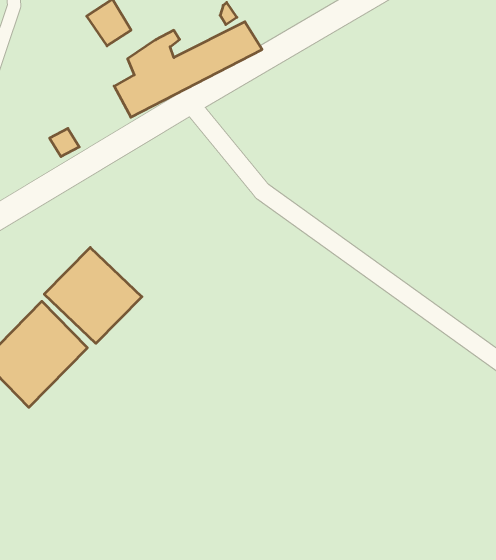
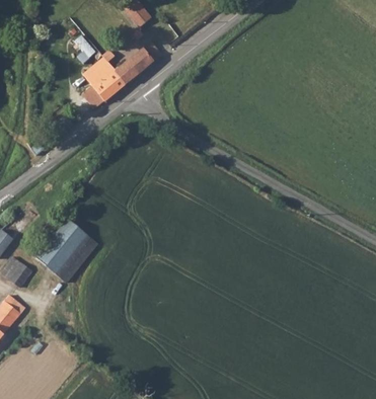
building: [44,247,142,343] -> none

